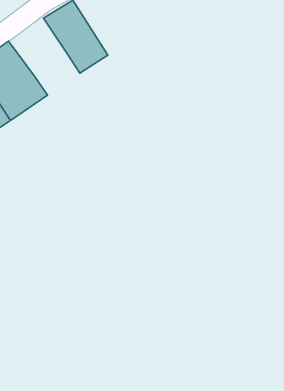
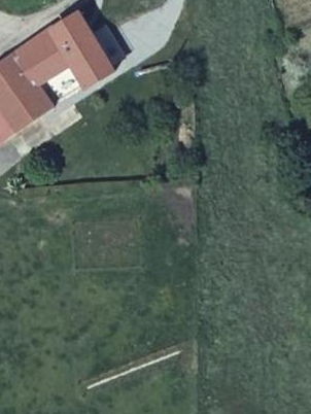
building: none -> [12,28,72,88]

